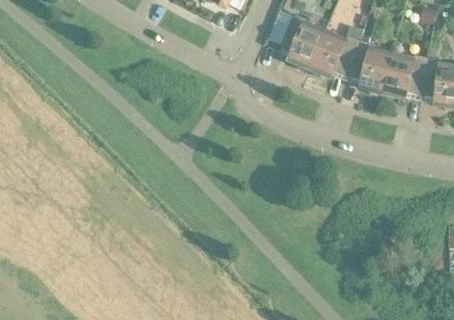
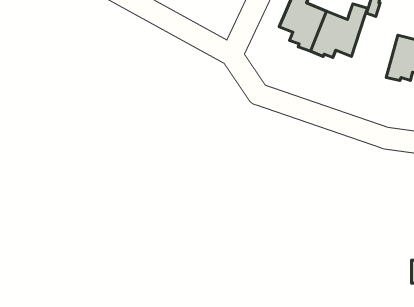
building: [347,38,391,95] -> none

